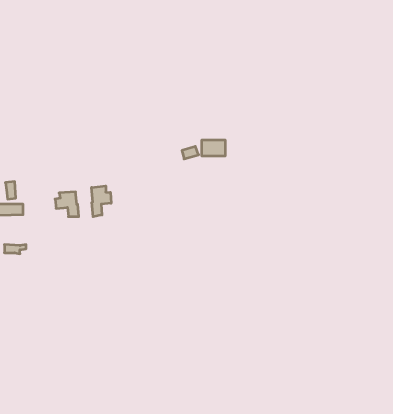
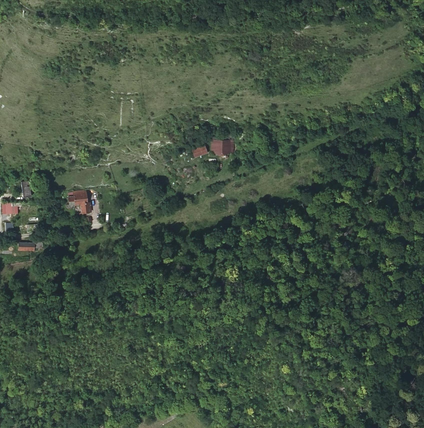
building: [92,186,111,217] -> none

